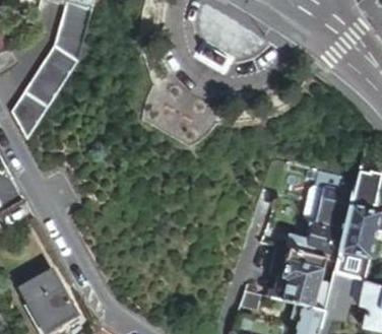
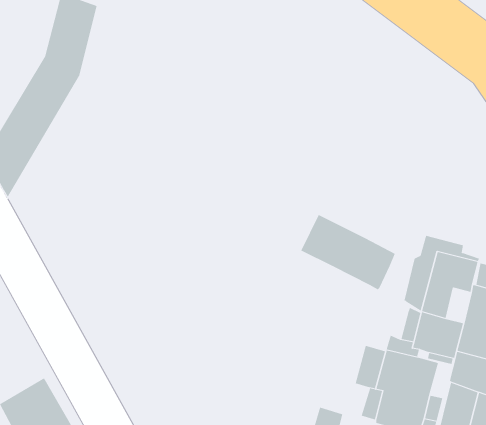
building: none -> [301,214,396,290]

